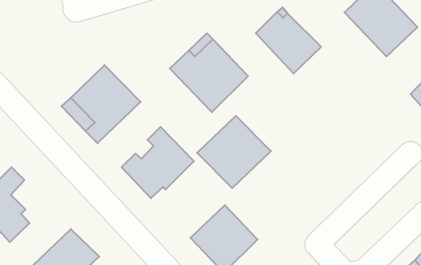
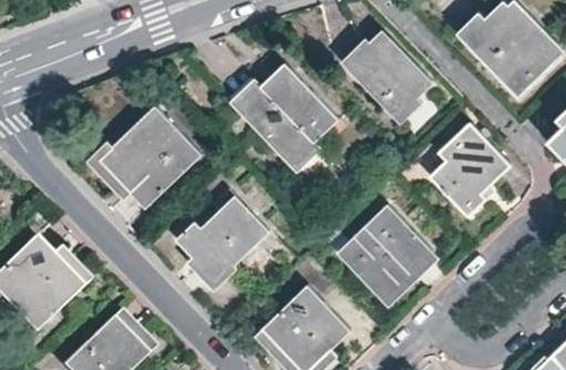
building: none -> [430,115,511,215]
building: [197,116,271,188] -> [339,206,434,299]
building: none -> [33,254,82,309]

